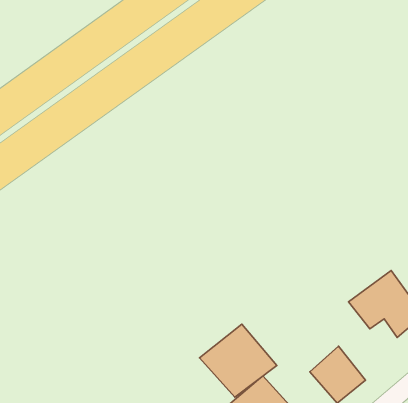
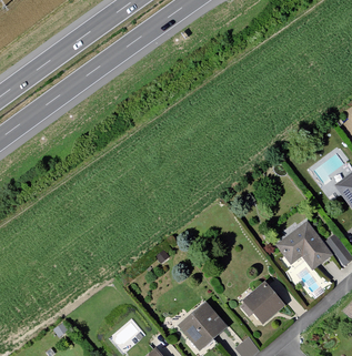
building: [200,324,277,397] -> none

